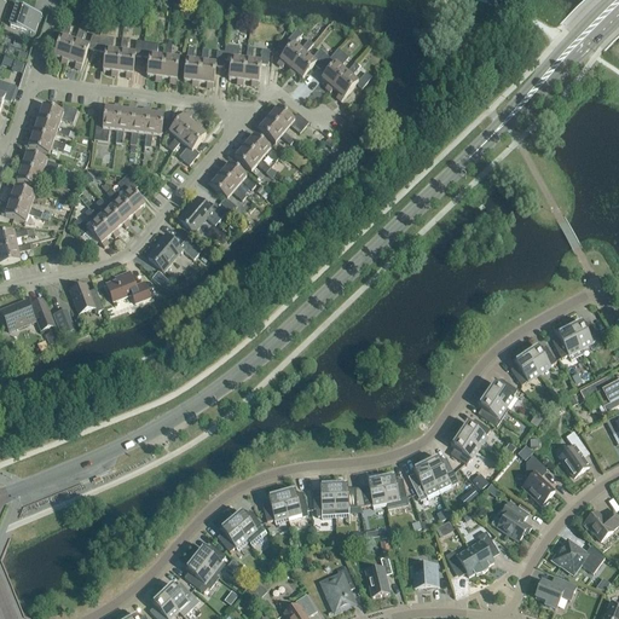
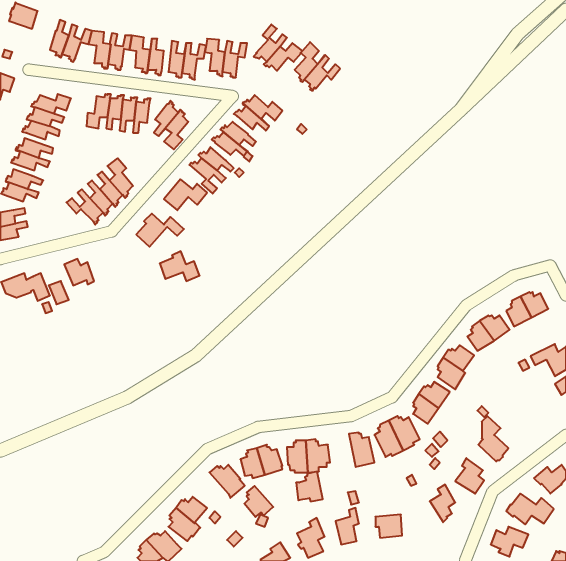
building: [106,270,150,302] -> [160,251,200,281]
building: [560,430,589,475] -> none
building: [358,474,387,507] -> [296,472,323,501]
building: [218,516,249,550] -> [244,486,273,517]
building: [445,548,484,575] -> none

